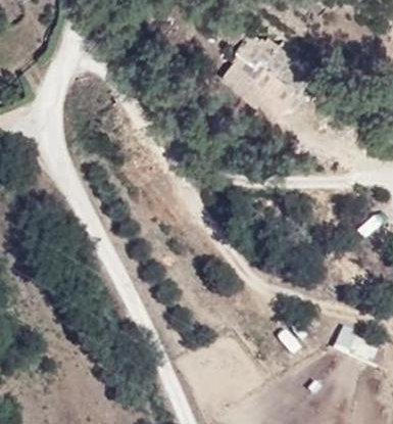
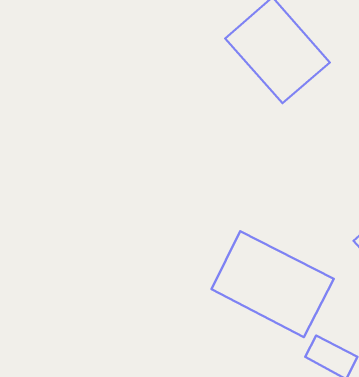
building: none -> [212,231,334,337]

